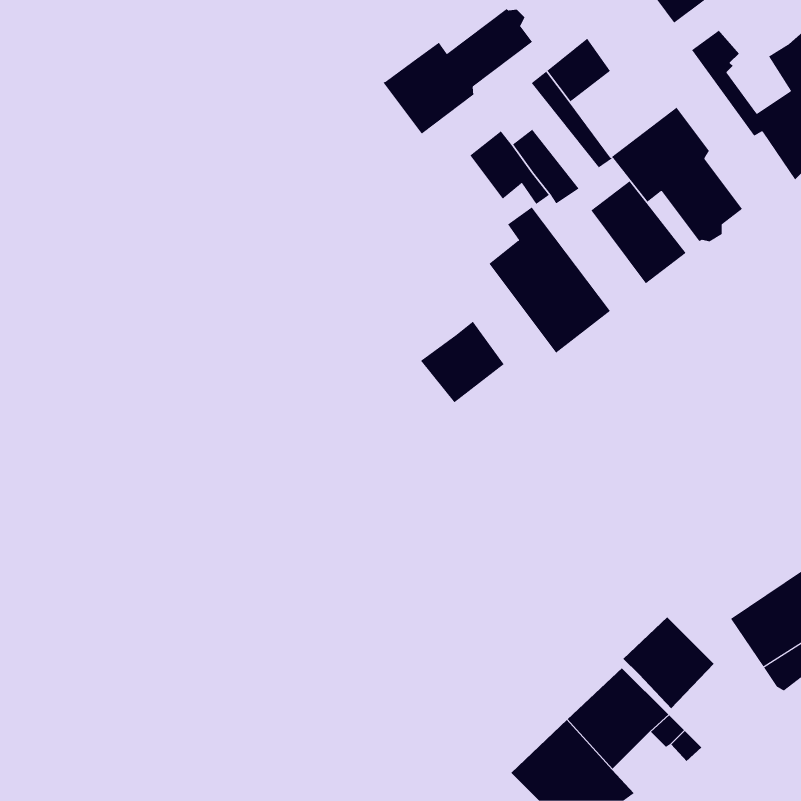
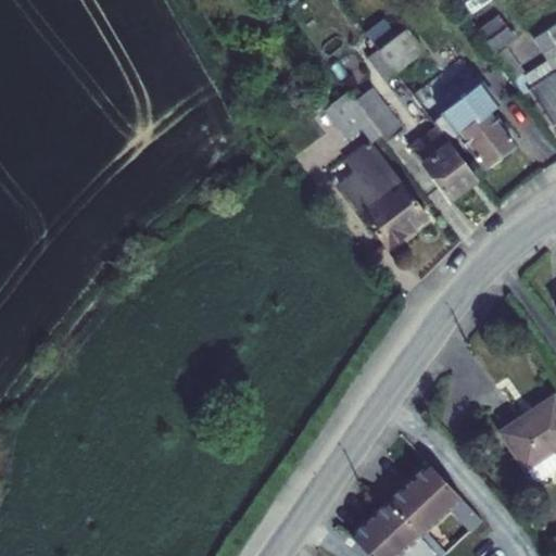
building: [383,8,533,135] -> none
building: [420,321,504,403] -> none
building: [622,617,715,709] -> none

